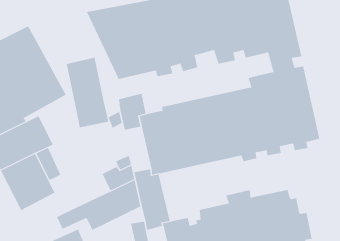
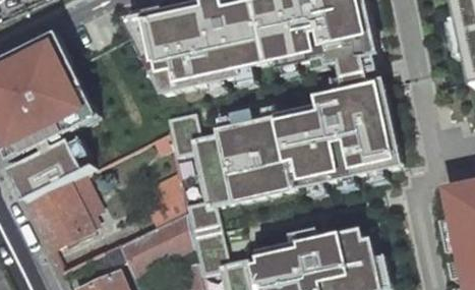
building: [66,57,109,128] -> none

